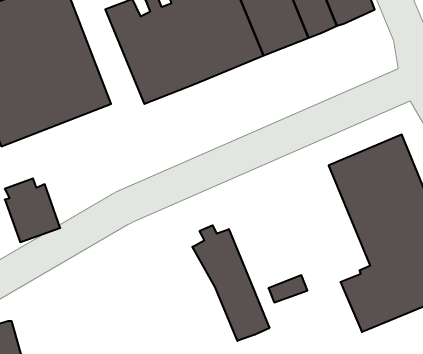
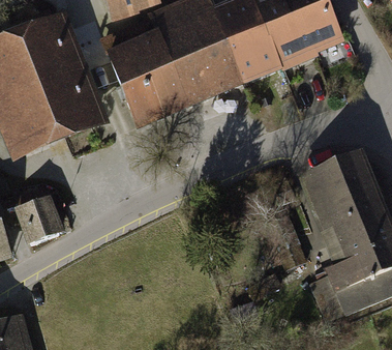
building: [192,225,269,341] -> none

